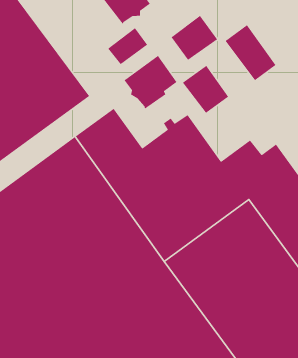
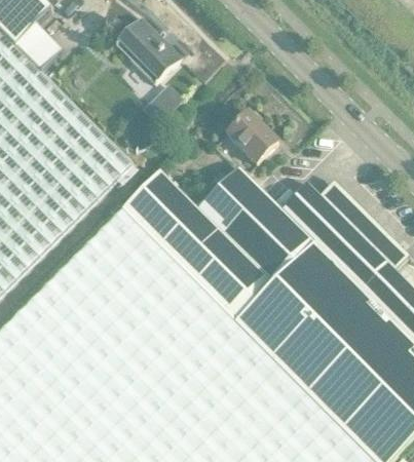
building: [171,15,218,61] -> none
building: [225,24,277,81] -> none
building: [123,55,177,110] -> none

